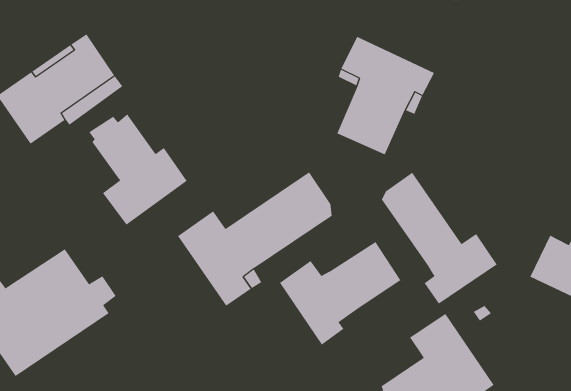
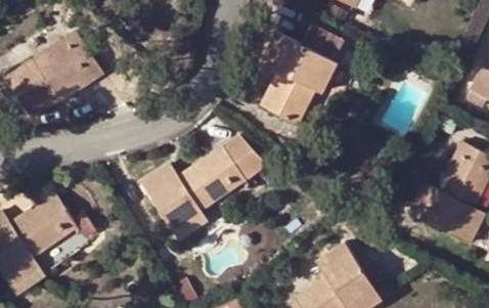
building: [89,113,188,226] -> none
building: [381,172,497,305] -> none
building: [279,241,401,346] -> none

